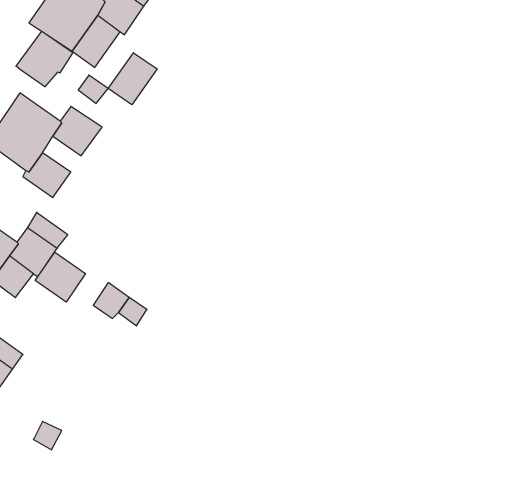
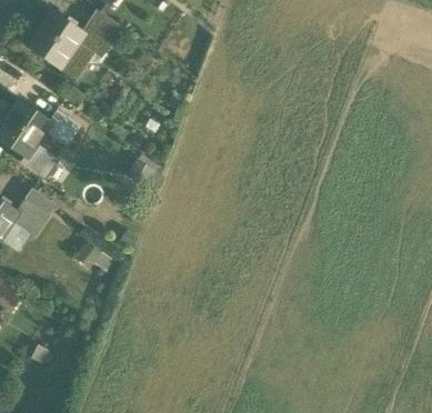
building: [16,31,73,87] -> none
building: [108,53,157,105] -> none
building: [35,252,86,302] -> none

